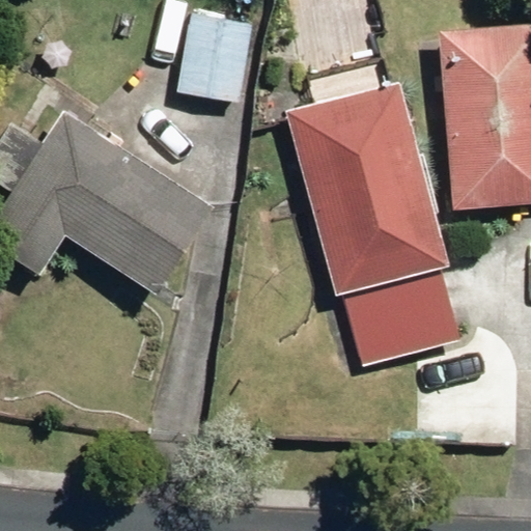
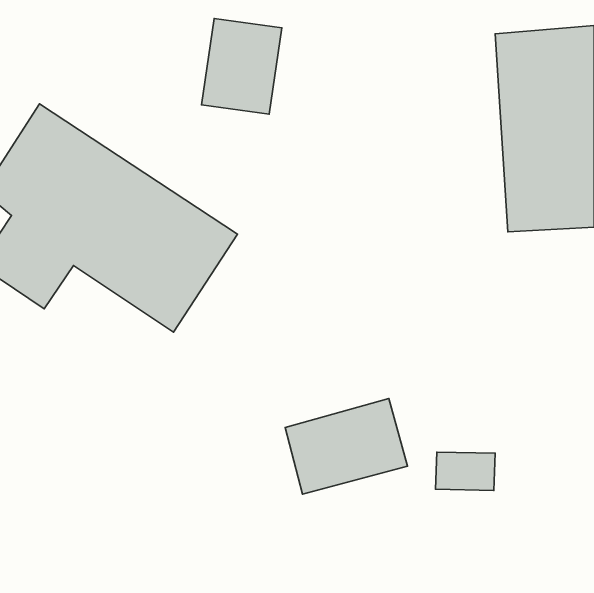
building: [287,83,449,294] -> none
building: [348,280,457,365] -> [285,398,407,494]

